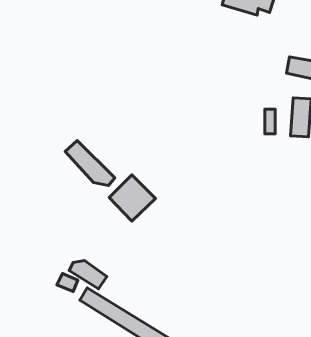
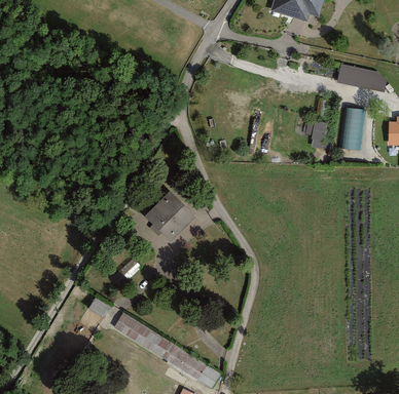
building: [65,140,115,186] -> none
building: [69,261,107,289] -> none

